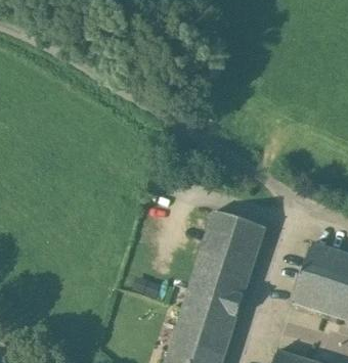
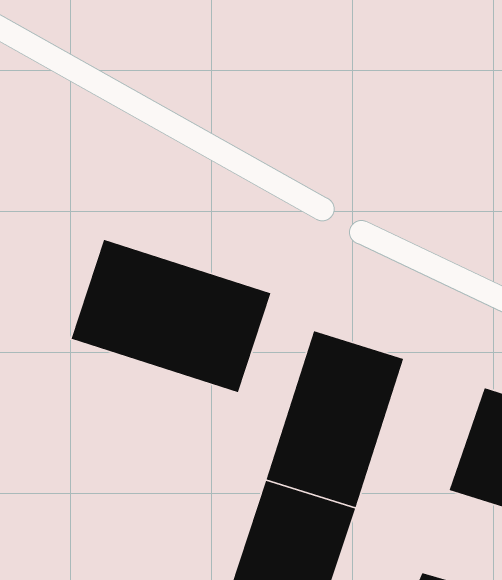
building: none -> [70,239,272,393]

